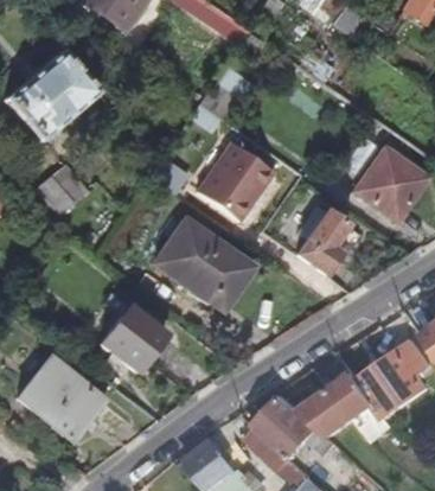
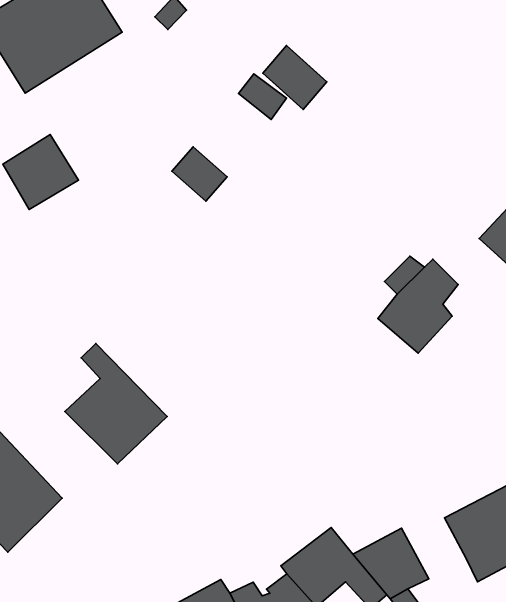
building: [197,144,273,222] -> none
building: [155,219,252,311] -> none
building: [331,372,376,421] -> none

